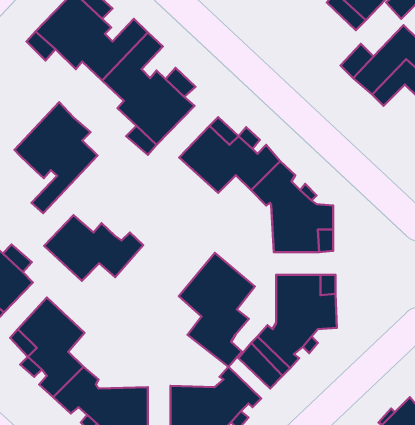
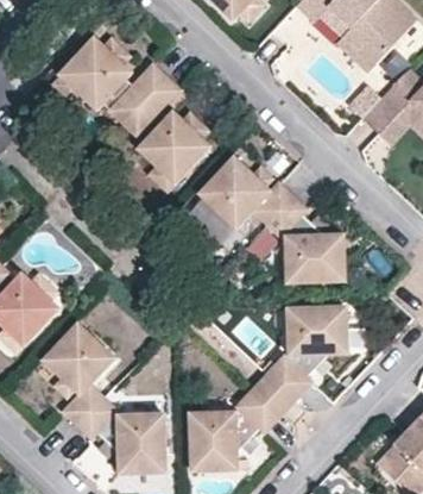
building: [15,102,98,213] -> none
building: [44,215,143,281] -> none
building: [179,253,255,367] -> none

